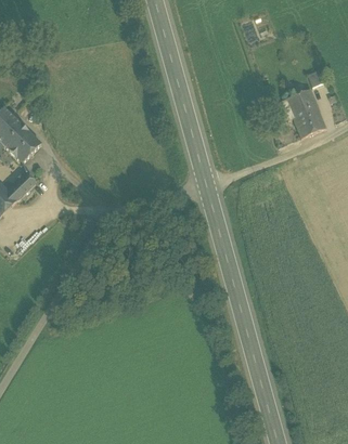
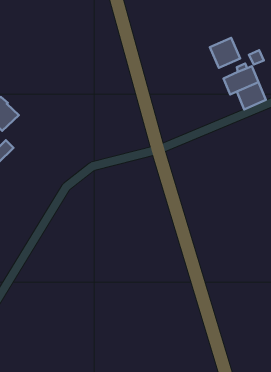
building: none -> [210,38,240,68]

